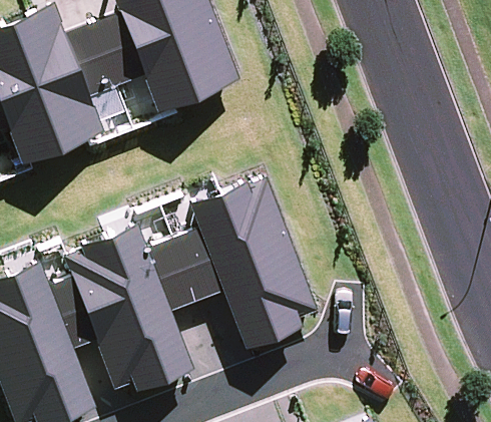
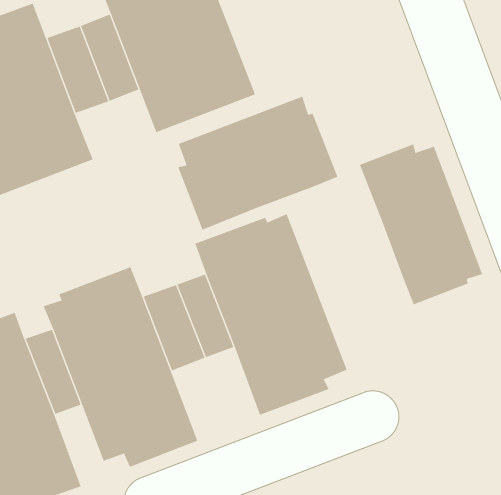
building: none -> [177,96,338,230]
building: none -> [359,144,483,305]

